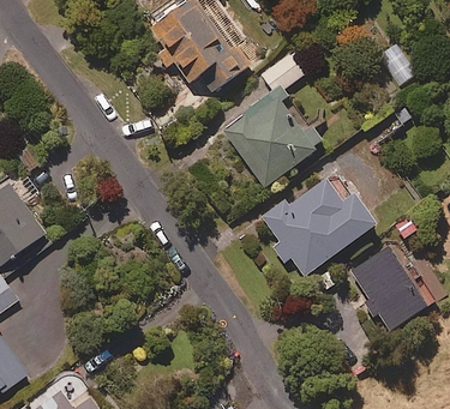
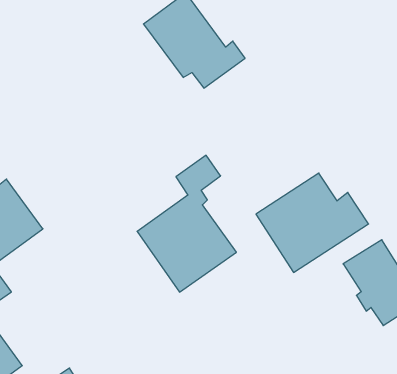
building: [221,50,319,186] -> [137,155,236,292]

